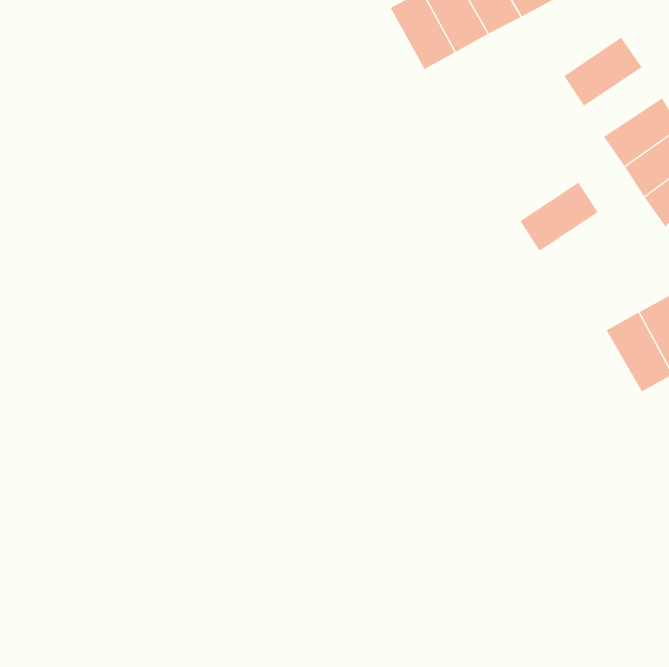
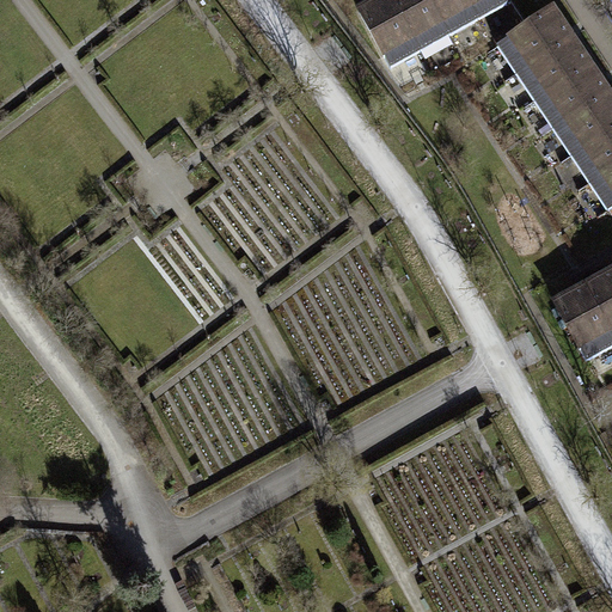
building: none -> [496,6,568,69]
building: [519,182,599,252] -> [533,61,605,124]

